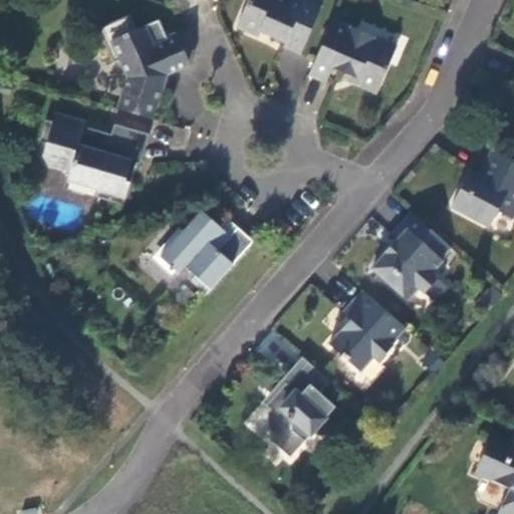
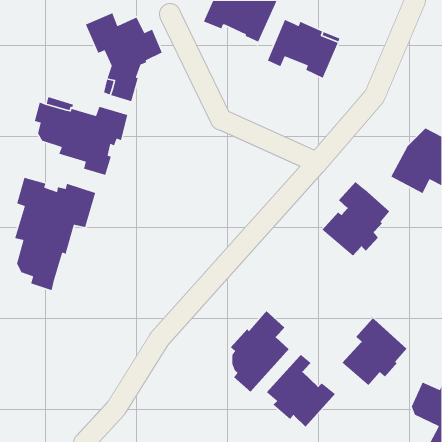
building: none -> [14,177,96,291]
building: [162,210,254,294] -> none
building: [329,289,406,370] -> [342,316,407,386]
building: none -> [262,352,336,427]

